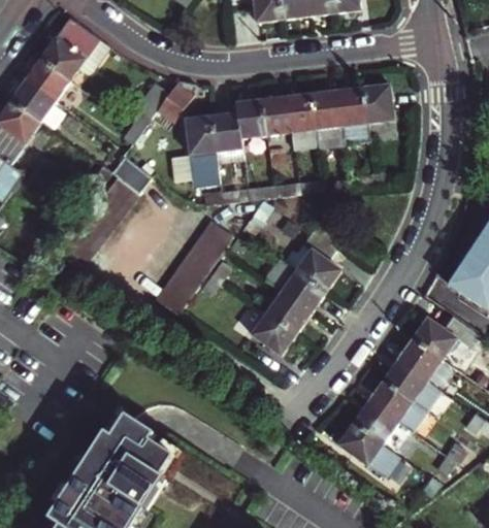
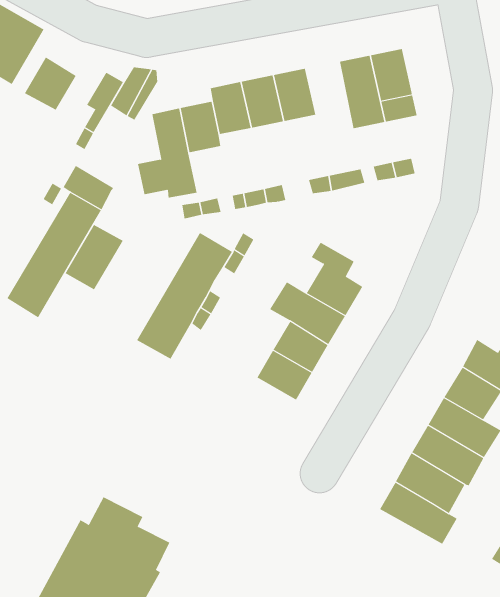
building: none -> [24,57,77,110]
building: [309,91,343,147] -> none
building: none -> [65,224,123,290]

